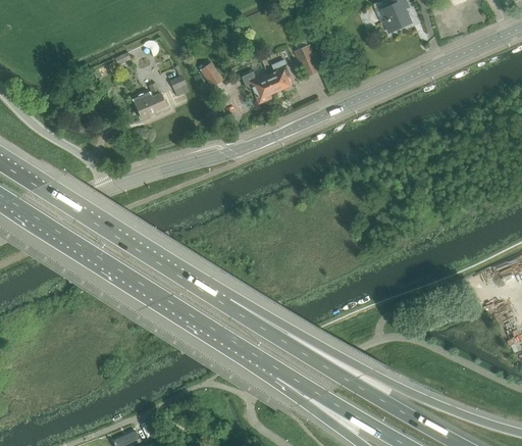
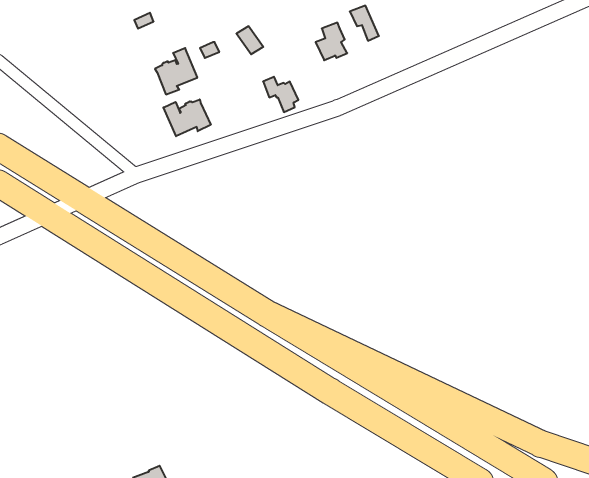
building: [243,72,272,102] -> [263,77,298,112]
building: none -> [163,99,211,136]

